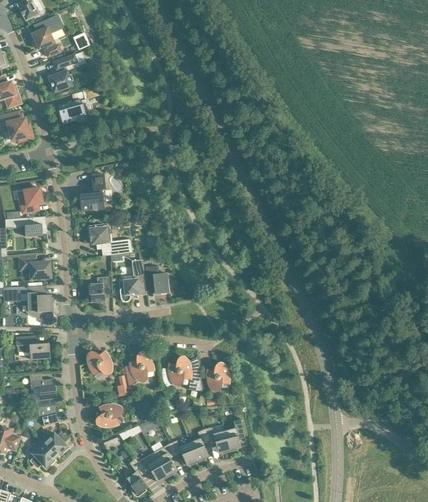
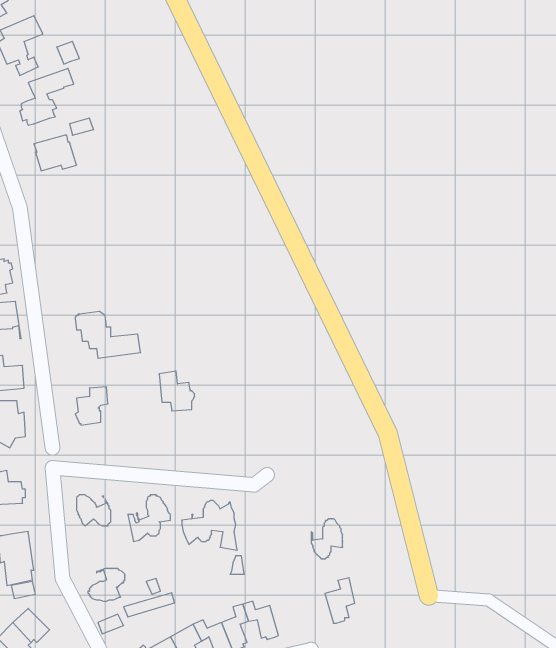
building: [79,174,105,211] -> none
building: [119,259,146,302] -> none
building: [206,363,228,391] -> [311,519,343,559]
building: [223,419,244,451] -> [325,578,355,623]

